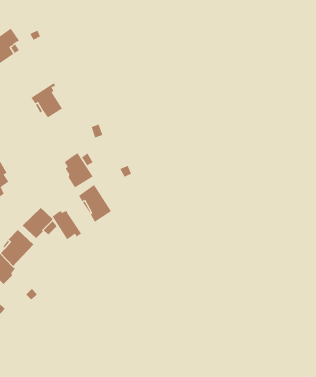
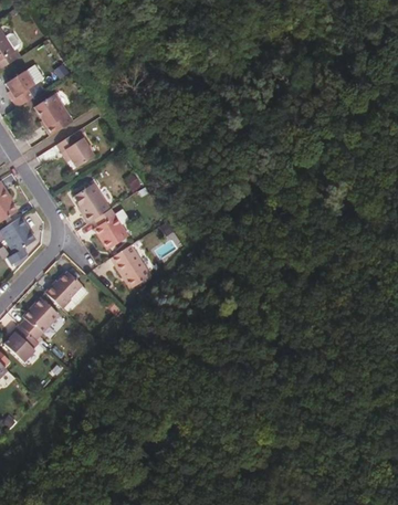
building: none -> [33,93,72,136]
building: none -> [73,185,106,223]
building: [52,210,82,240] -> none

